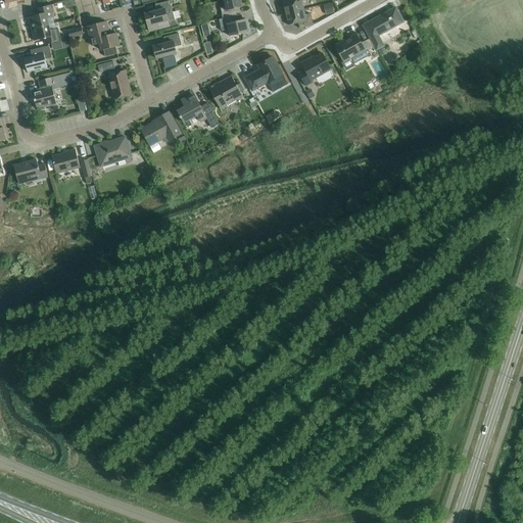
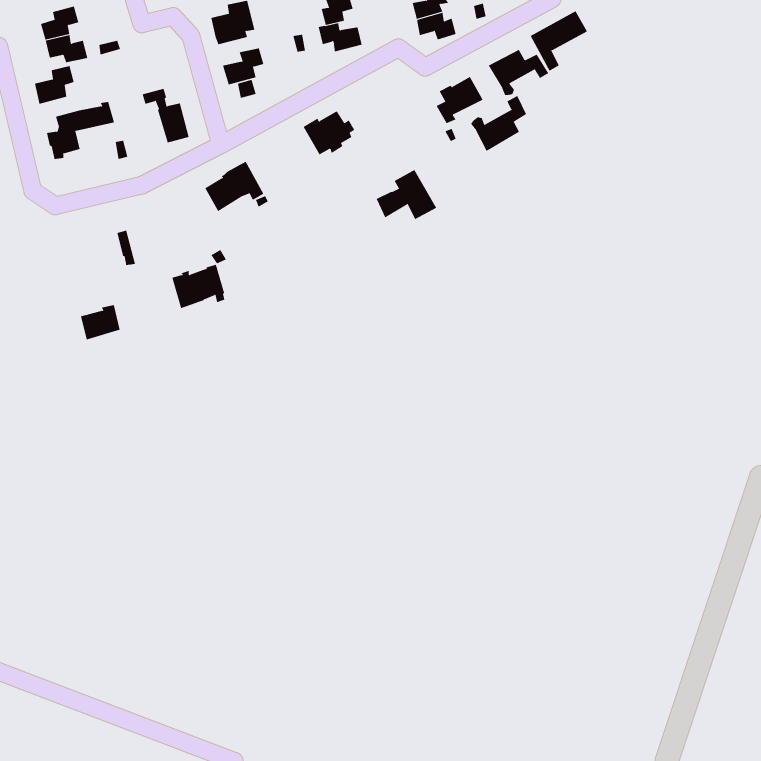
building: [87,20,120,55] -> none
building: [245,56,287,91] -> [376,169,437,220]
building: none -> [471,95,527,152]
building: [177,94,218,126] -> none
building: [94,136,131,167] -> [172,264,225,309]
building: [51,148,79,173] -> [80,304,120,340]
building: [13,158,47,183] -> none

